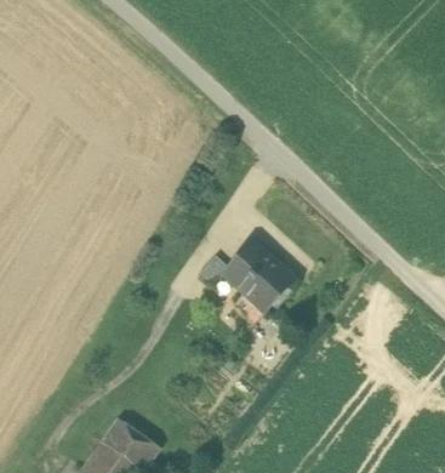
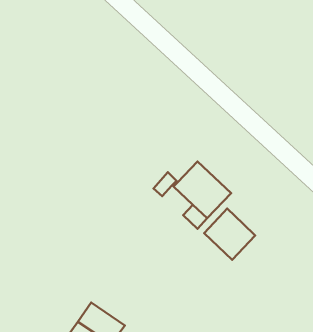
building: none -> [204,209,255,260]

